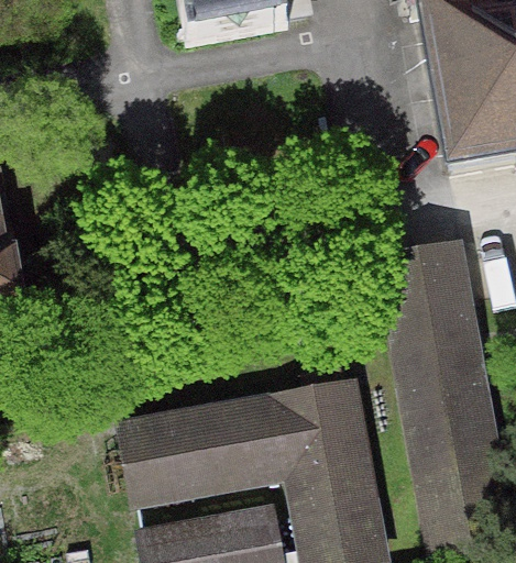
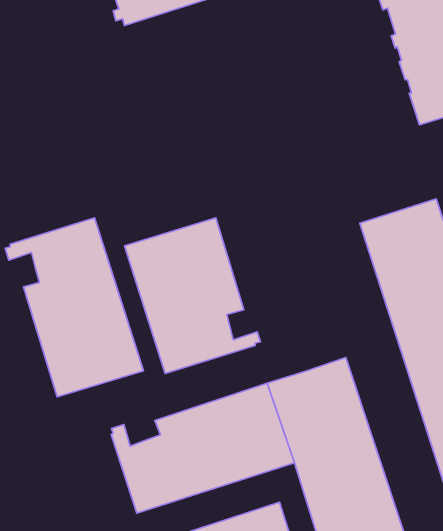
building: none -> [5,218,143,397]
building: none -> [124,218,260,374]

